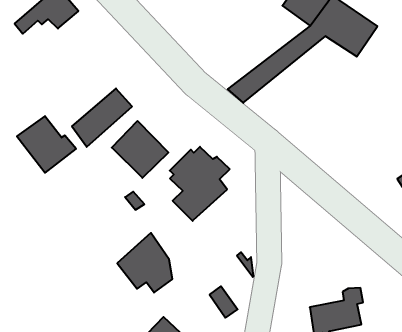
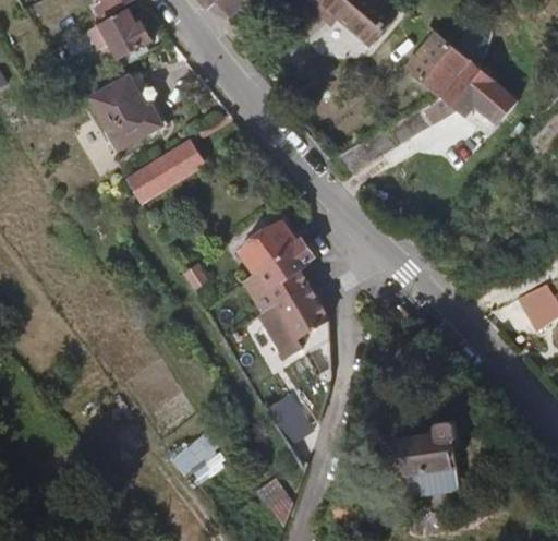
building: [17,116,76,173] -> [89,79,161,149]
building: [112,121,168,178] -> none
building: [117,233,172,293] -> [262,281,328,357]

